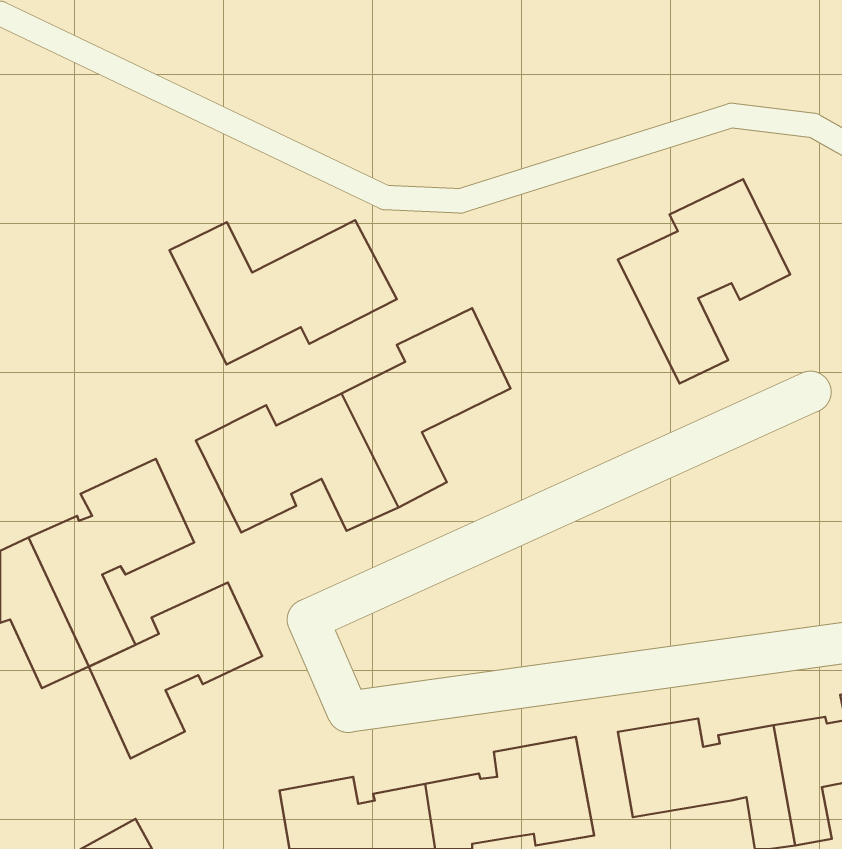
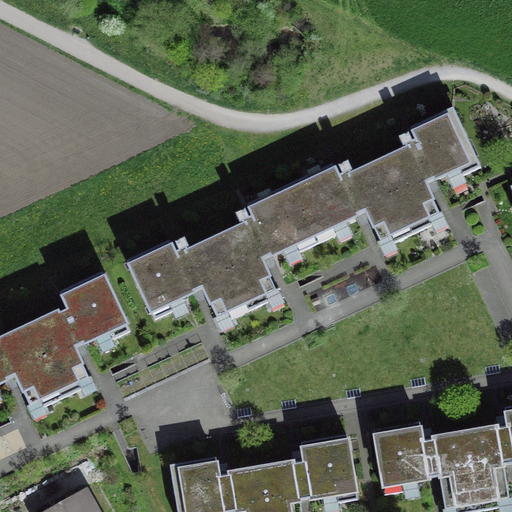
building: [169,220,397,364] -> none
building: none -> [290,155,414,245]
building: [89,582,262,759] -> none

